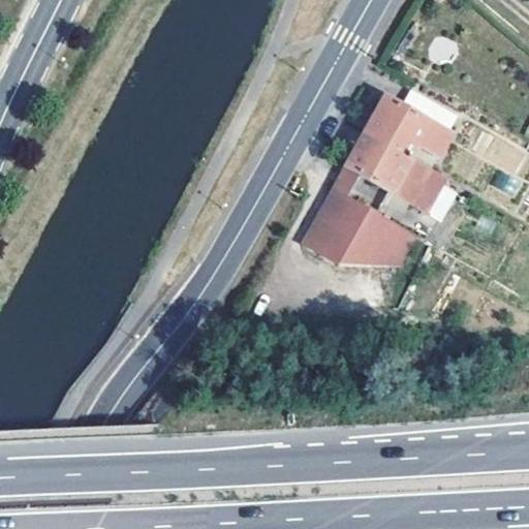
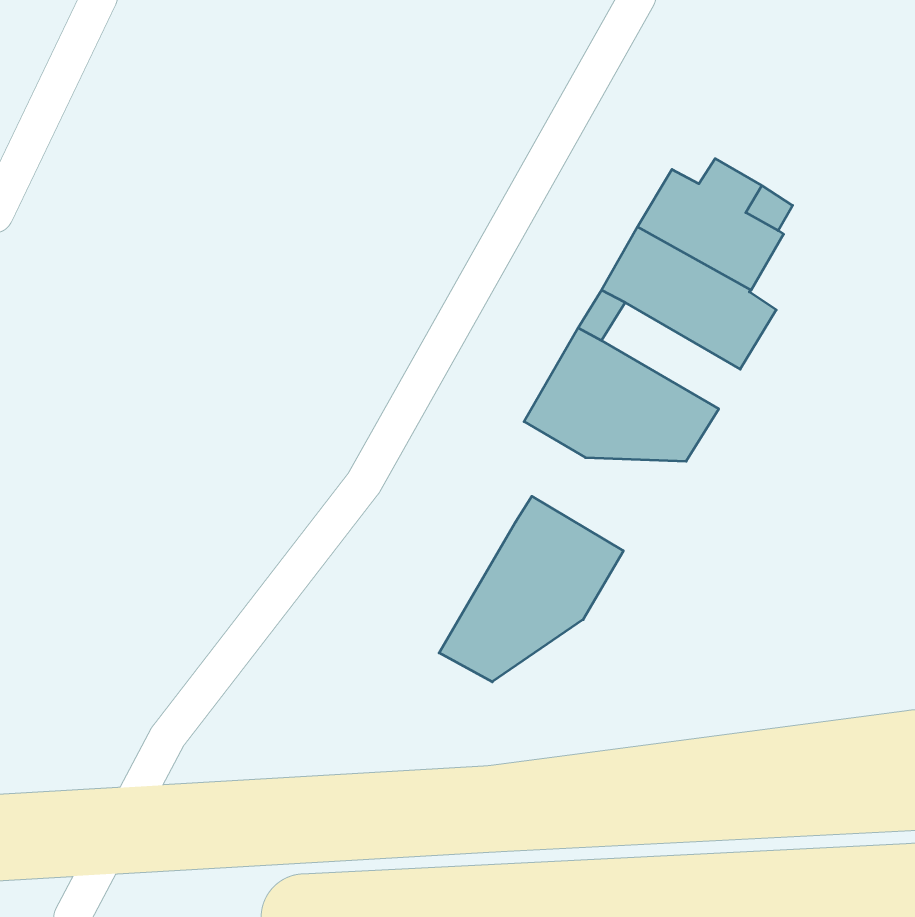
building: none -> [439,496,623,682]

